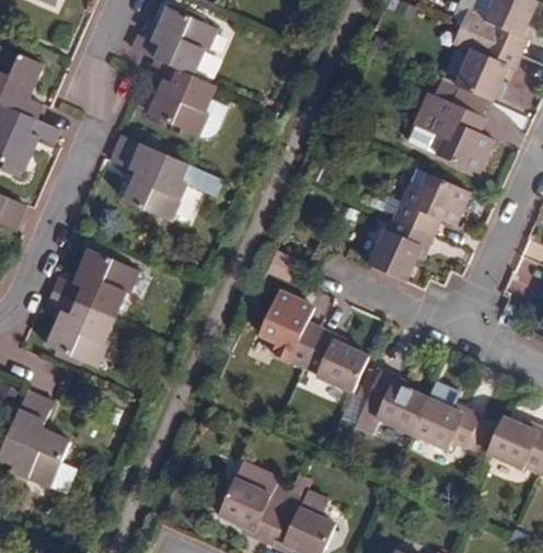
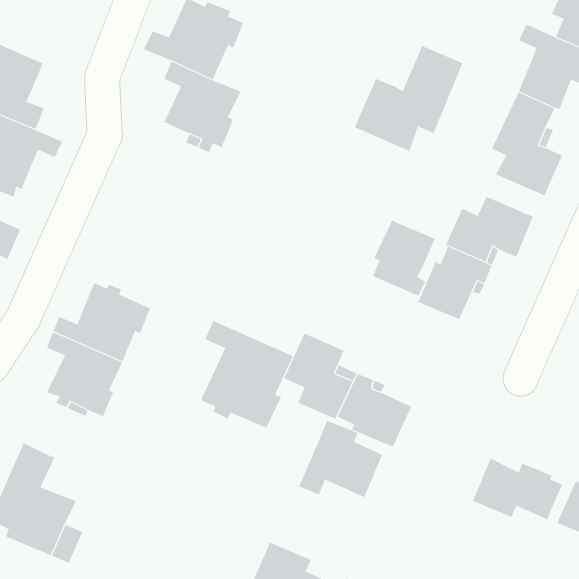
building: none -> [354,45,463,152]
building: [109,135,222,219] -> none
building: none -> [372,220,436,296]
building: none -> [201,320,294,429]
building: [356,369,428,436] -> [299,420,383,498]

